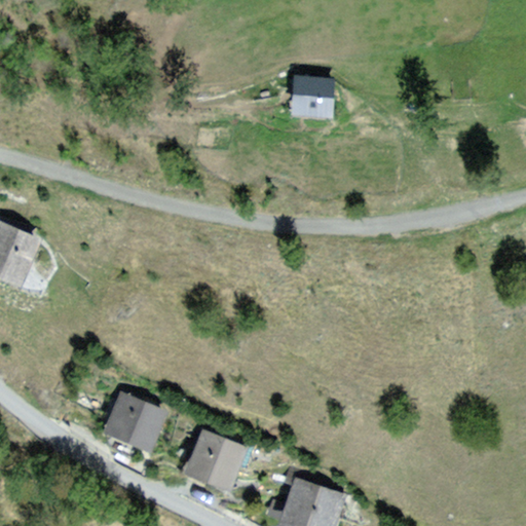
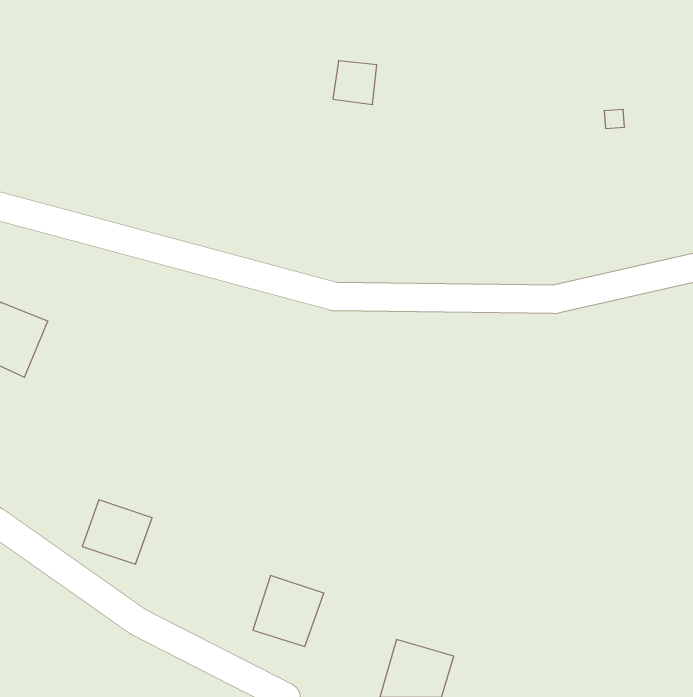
building: [297,82,330,115] -> [333,61,377,105]
building: [111,397,163,445] -> [82,500,152,564]

